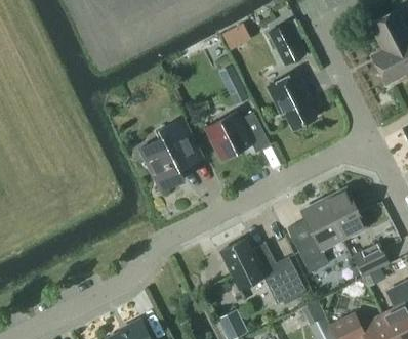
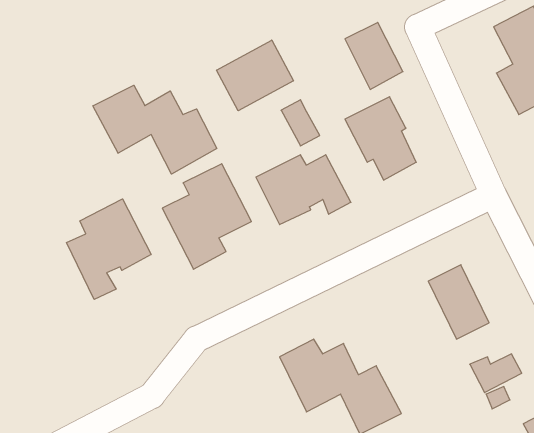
building: none -> [217,40,293,111]
building: none -> [93,85,217,174]
building: none -> [67,199,151,299]
building: [296,200,343,273] -> none

